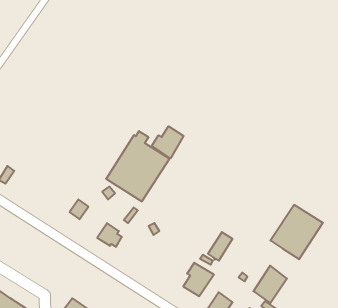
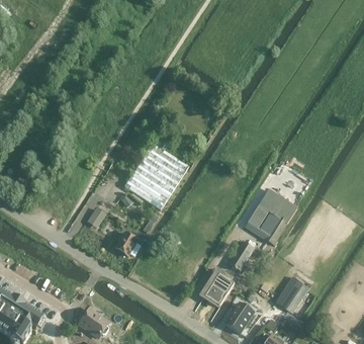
building: [152,126,184,158] -> none
building: [270,205,323,259] -> [245,189,298,245]

